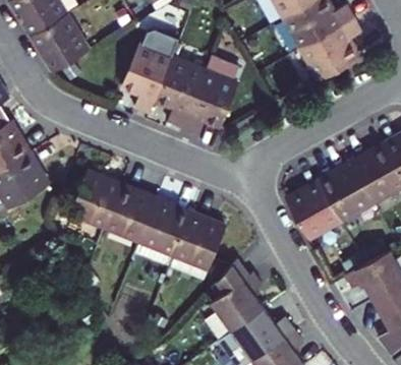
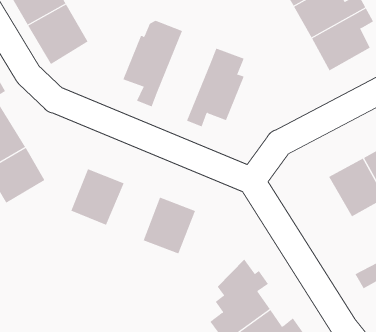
building: [155,59,205,128] -> none
building: [286,182,341,238] -> none
building: [106,188,157,243] -> none
building: [175,215,226,270] -> none

